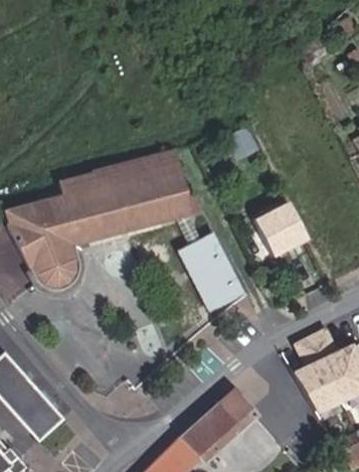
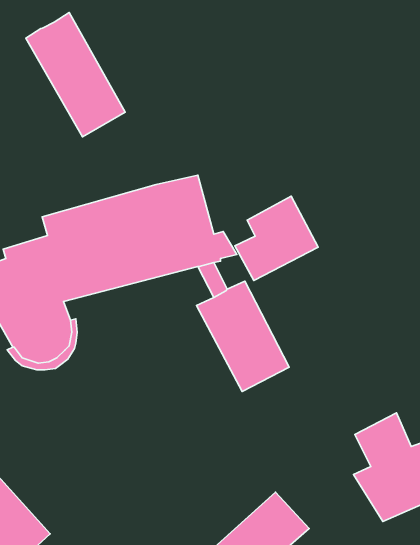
building: none -> [26,12,125,137]
building: [244,201,307,265] -> [235,196,318,281]

